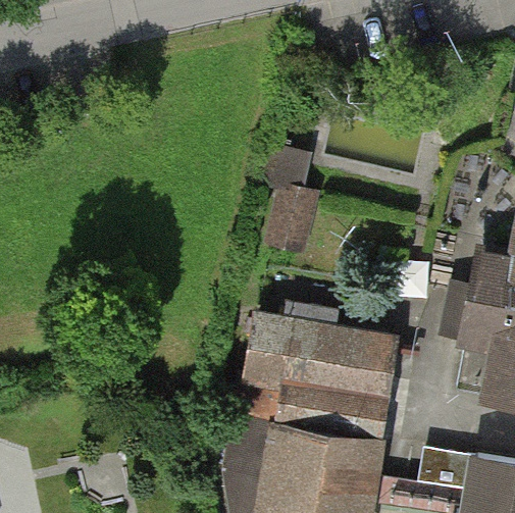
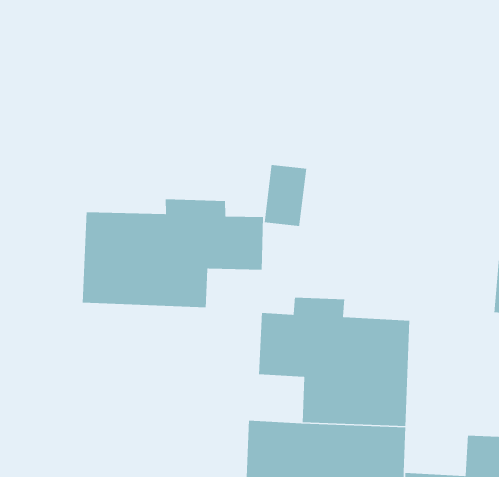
building: none -> [82,198,264,308]

